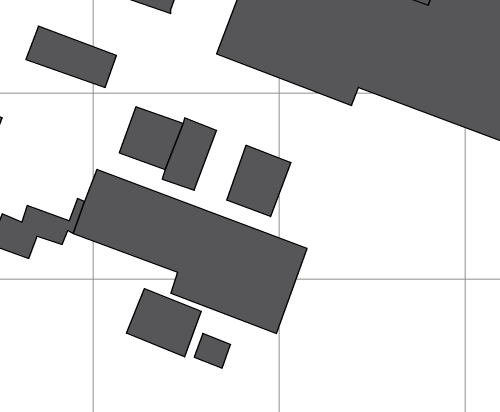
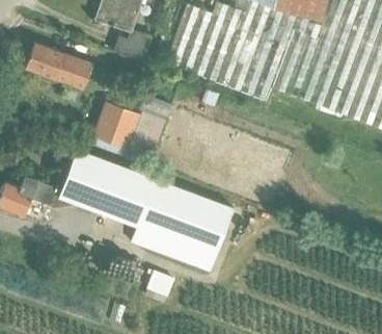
building: none -> [114,29,152,61]
building: [227,145,291,217] -> none
building: [127,289,201,357] -> none

